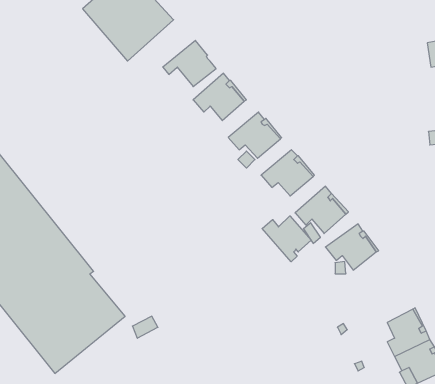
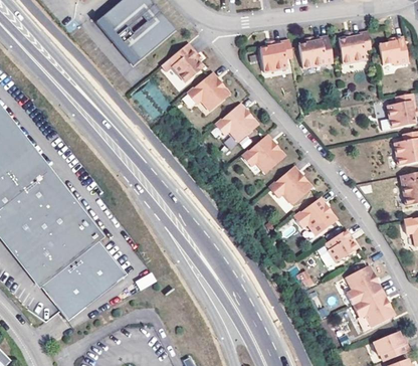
building: none -> [338,33,371,65]
building: none -> [298,37,333,69]
building: none -> [260,41,292,73]
building: [262,216,311,262] -> none
building: none -> [327,230,358,262]

